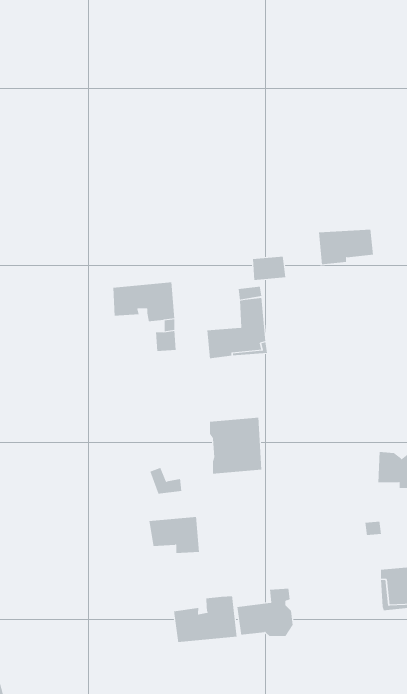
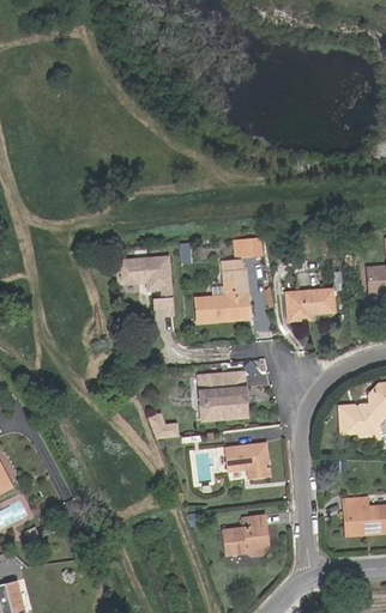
building: [318,229,374,265] -> [287,290,333,320]
building: [148,517,200,554] -> [227,443,270,474]
building: [174,595,237,643] -> none

